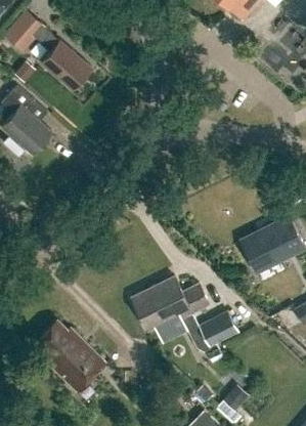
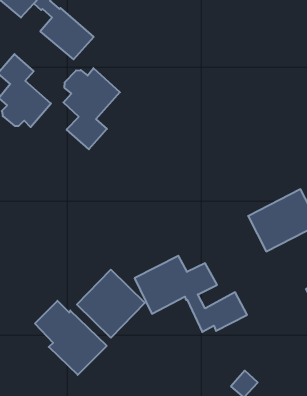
building: none -> [63,68,120,149]
building: none -> [77,270,145,338]

